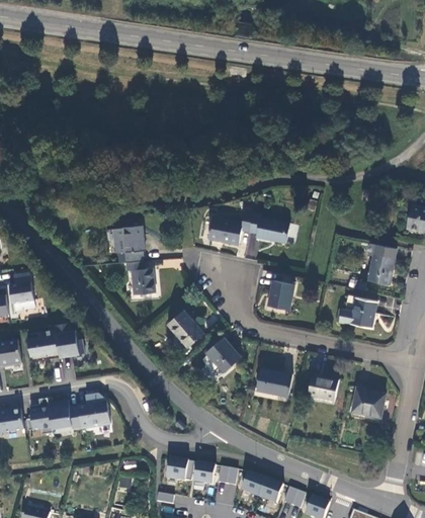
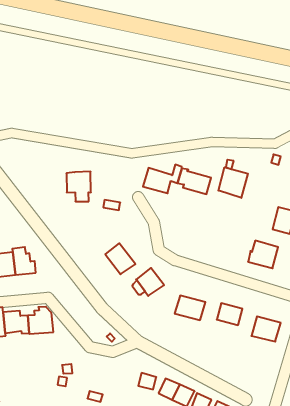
building: none -> [218,167,248,198]
building: [126,261,155,294] -> none
building: [267,280,294,311] -> none
building: [167,456,190,481] -> none
building: [195,460,218,484] -> none

